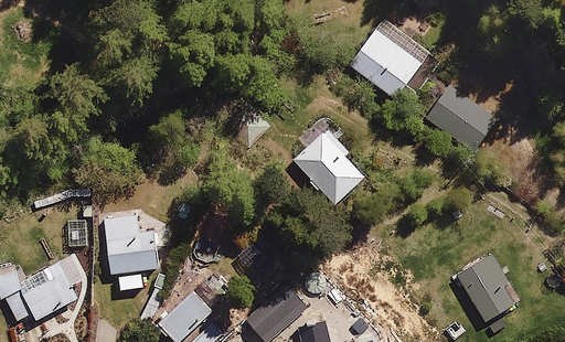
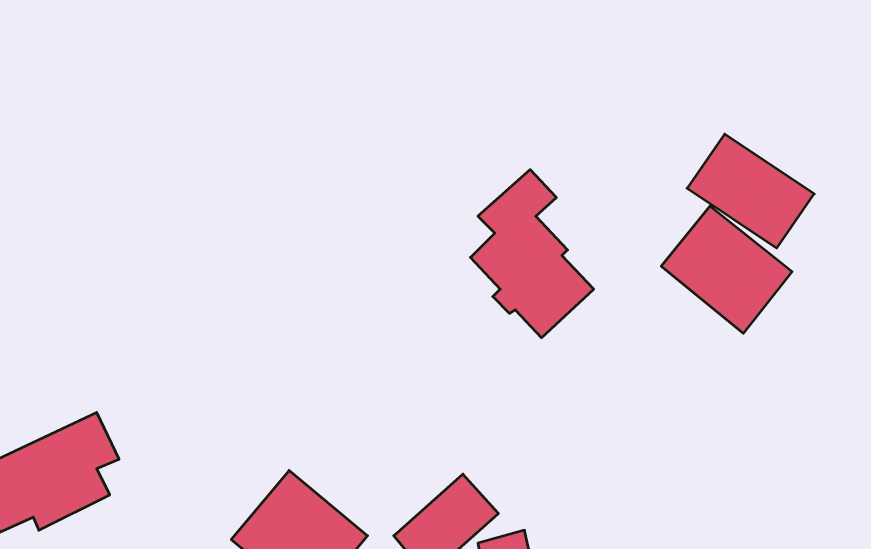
building: [347,26,424,101] -> [661,206,792,333]
building: [105,212,161,275] -> none
building: [458,253,522,321] -> none

